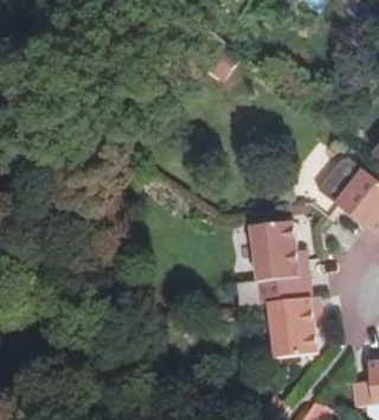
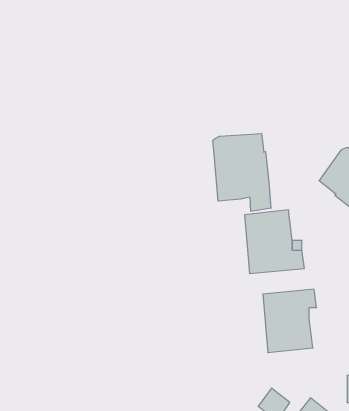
building: none -> [213,133,271,211]

